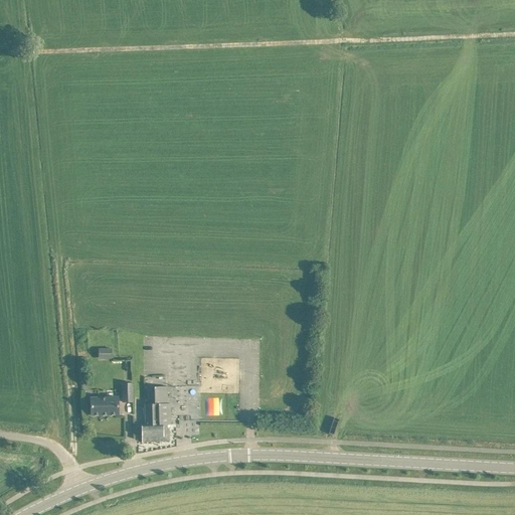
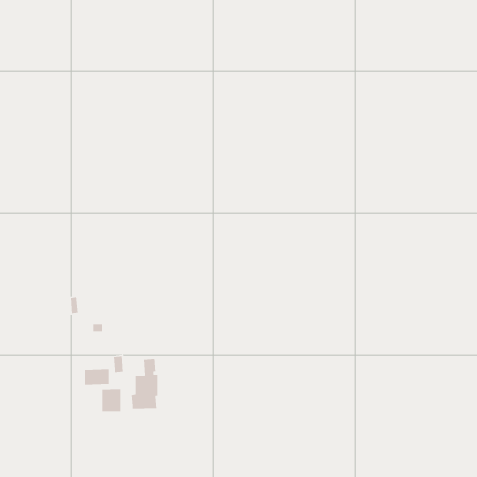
building: none -> [102,389,121,412]

